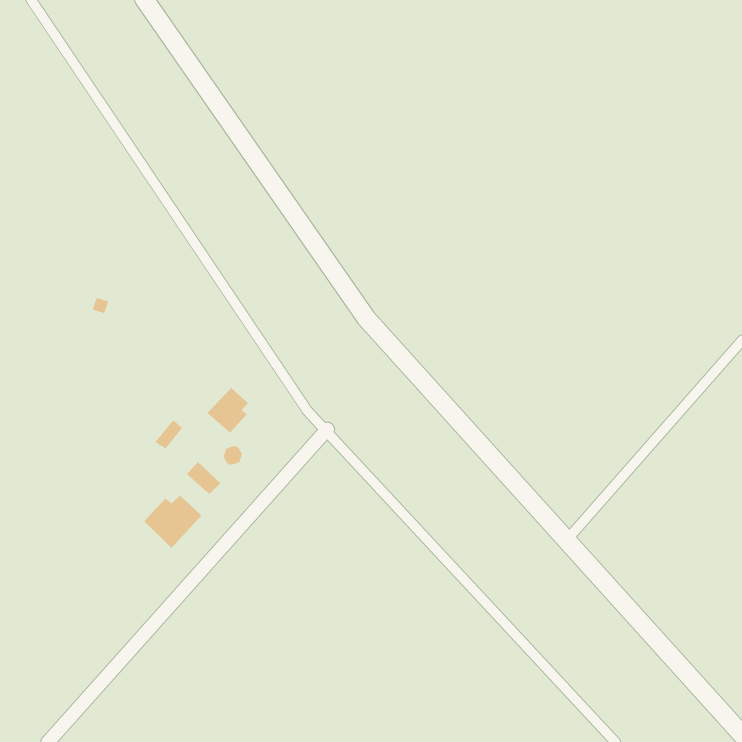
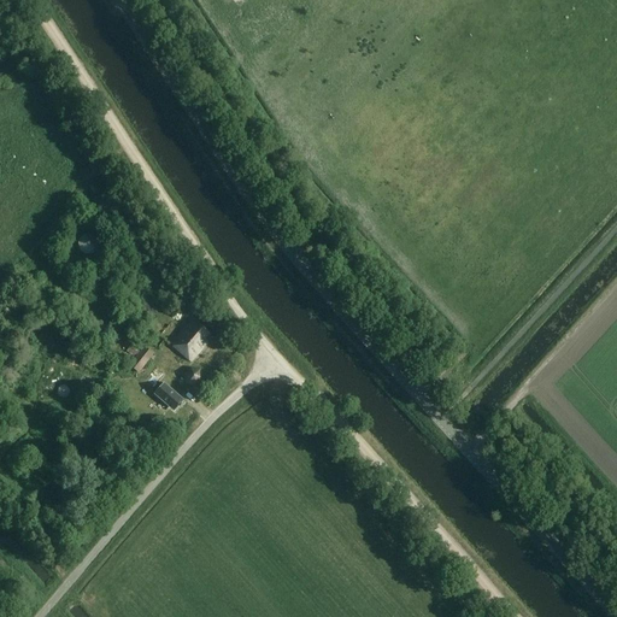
building: [143,495,202,549] -> none

